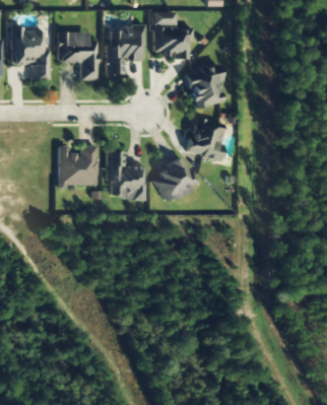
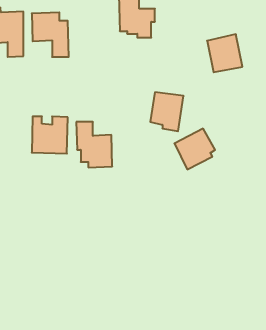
building: [105,24,144,73] -> none
building: [186,65,224,107] -> [207,34,242,72]
building: [151,158,196,203] -> [174,129,215,169]

